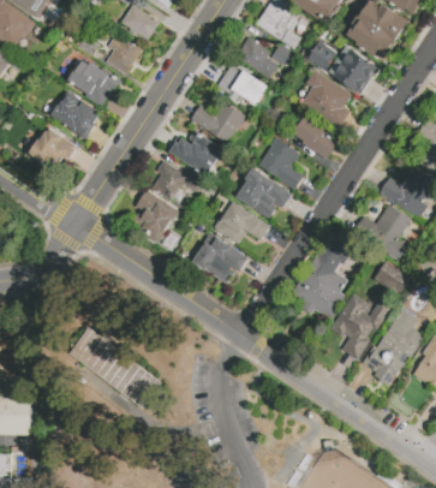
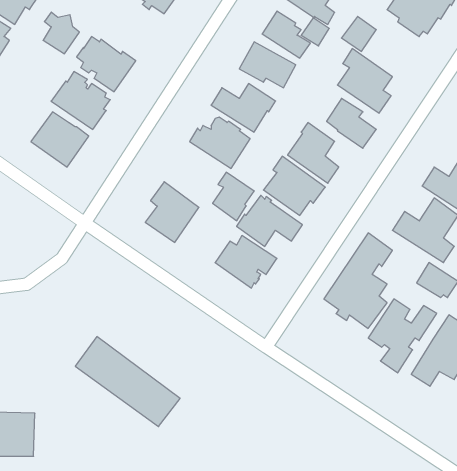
building: [107,36,139,73] -> [43,12,79,54]
building: [329,46,378,94] -> none
building: [151,160,189,203] -> [213,172,254,221]

